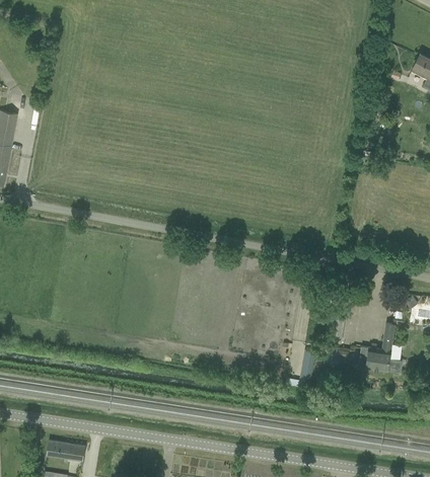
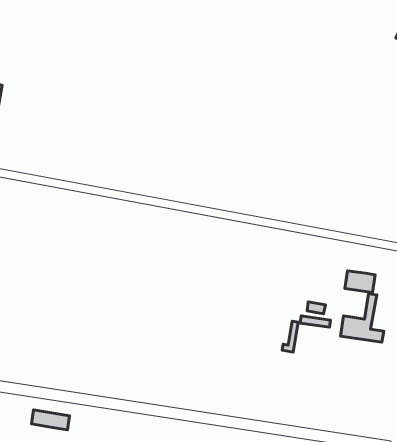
building: none -> [345,271,375,293]

